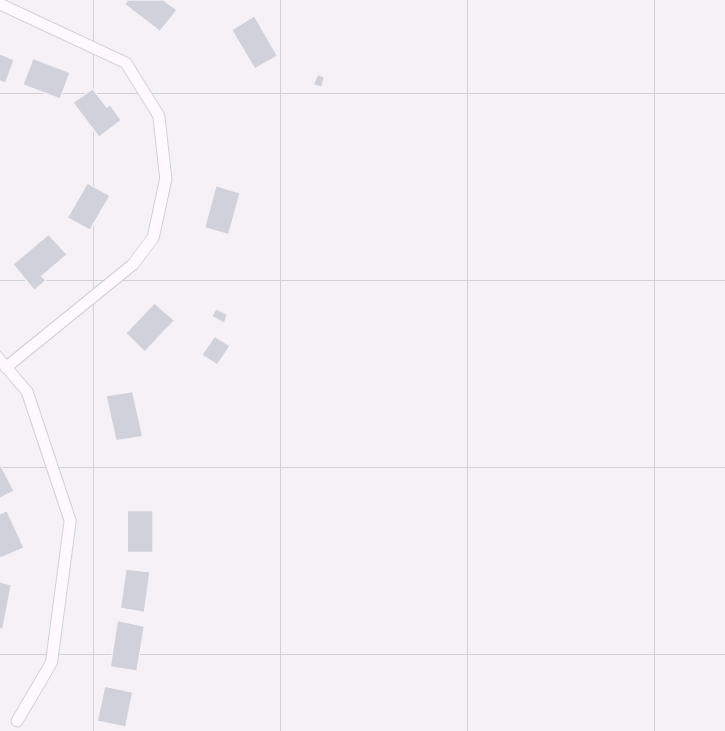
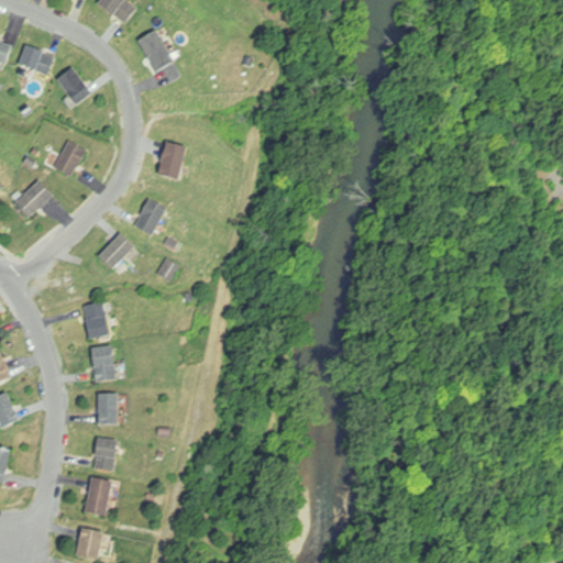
building: [232,16,277,69] -> [137,31,173,71]
building: none -> [133,200,164,234]
building: none -> [90,344,115,382]

